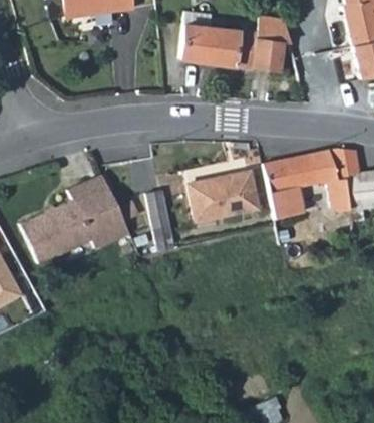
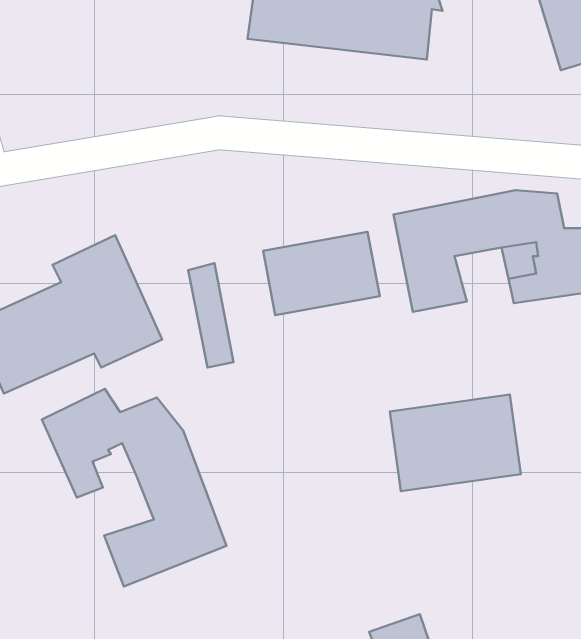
building: none -> [42,389,227,587]
building: none -> [390,394,521,491]

